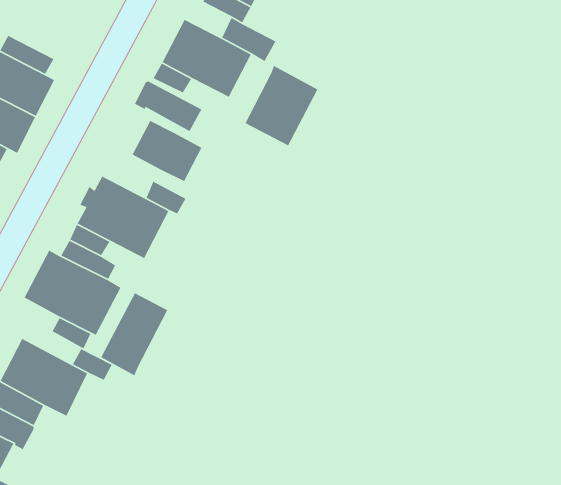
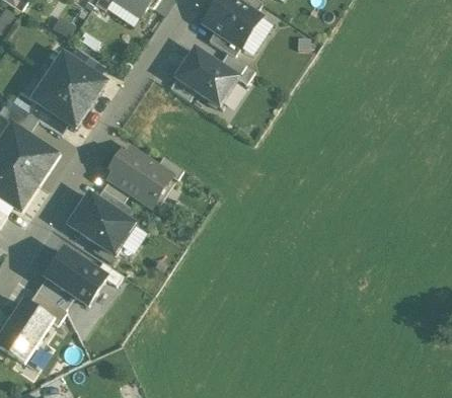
building: [244,65,319,146] -> none
building: [134,80,202,132] -> none
building: [132,120,203,182] -> none
building: [100,292,168,376] -> none

